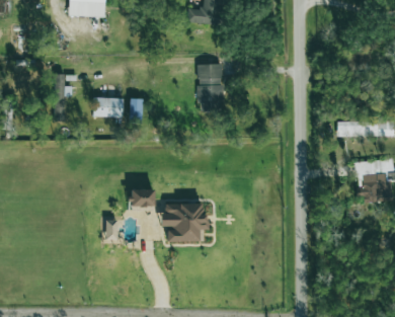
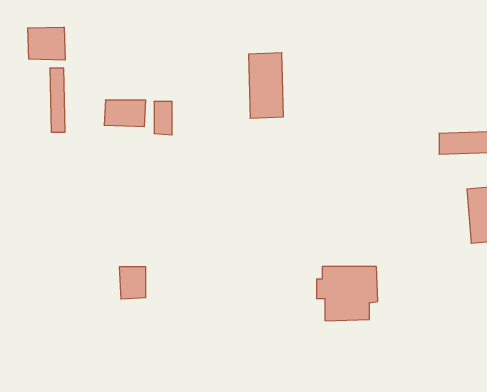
building: none -> [28,27,65,60]
building: [131,188,155,207] -> none
building: [161,203,206,242] -> [317,267,378,321]

